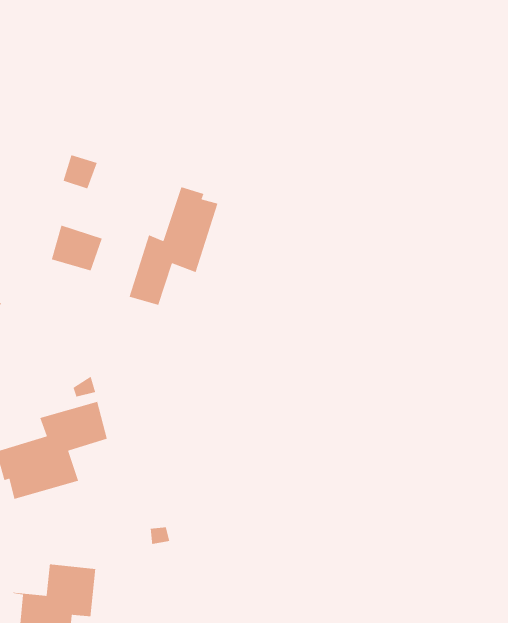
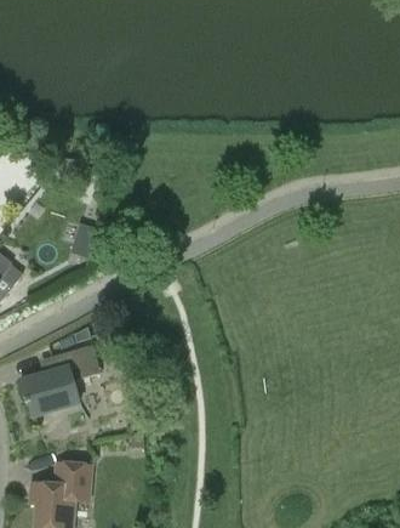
building: [128,186,218,306] -> none

